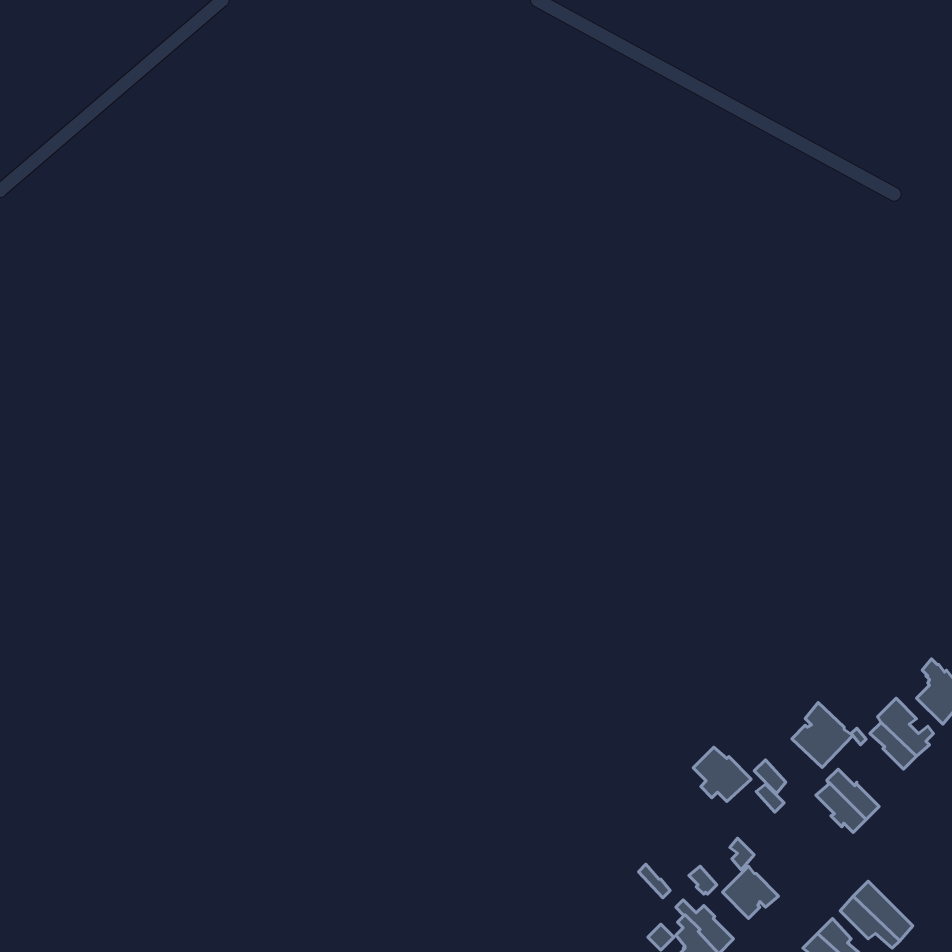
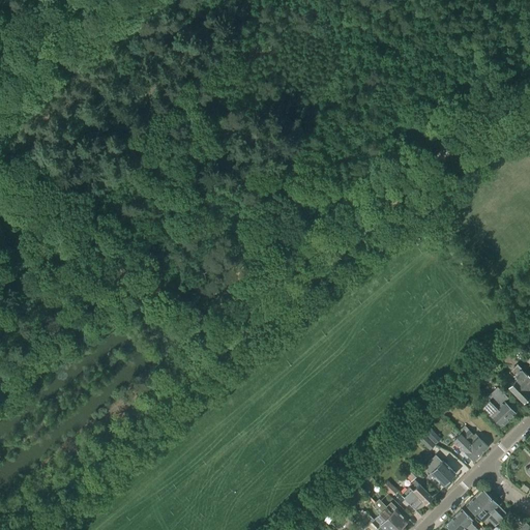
building: [792,703,853,768] -> none
building: [693,747,751,801] -> [424,457,457,487]

